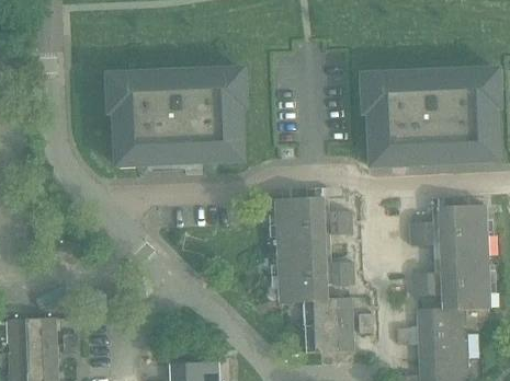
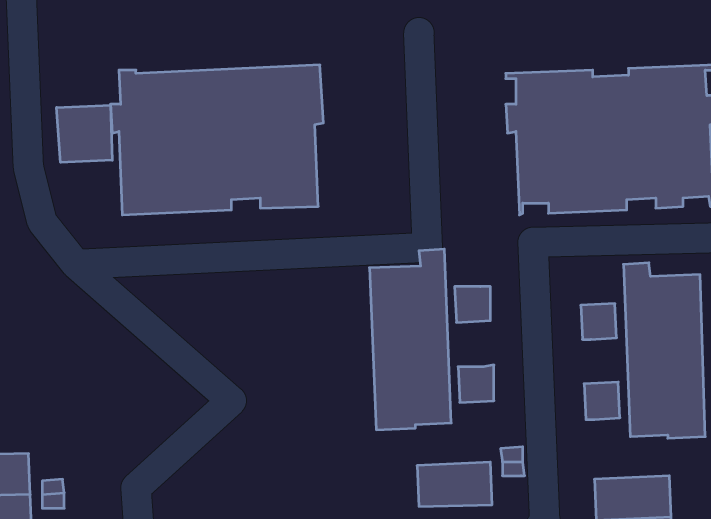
building: none -> [57,105,112,162]
building: [303,298,351,326] -> none
building: [417,307,466,335] -> none

